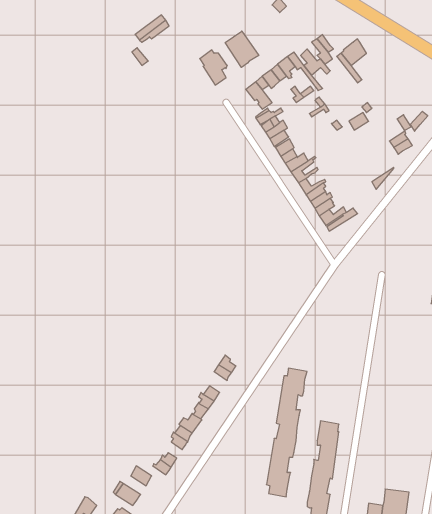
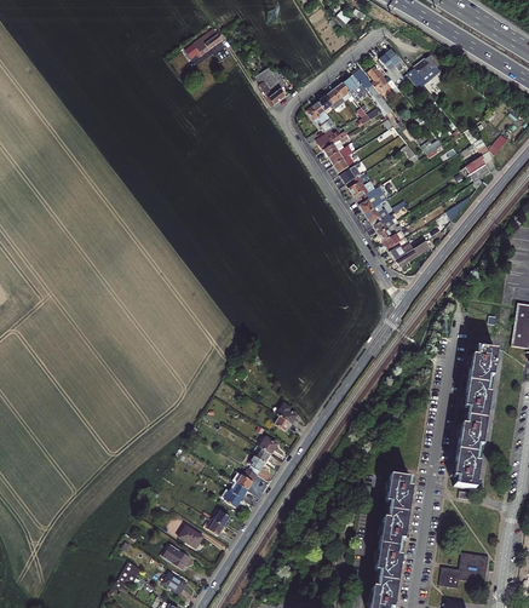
building: [225,31,259,67] -> none
building: [266,368,307,497] -> [452,346,496,488]

